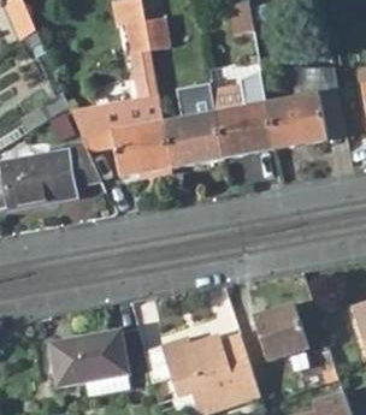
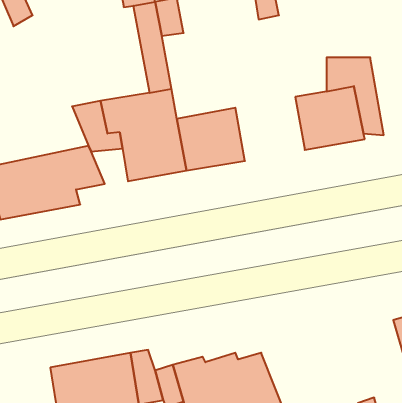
building: [209,84,274,159] -> none
building: [252,302,308,360] -> none

